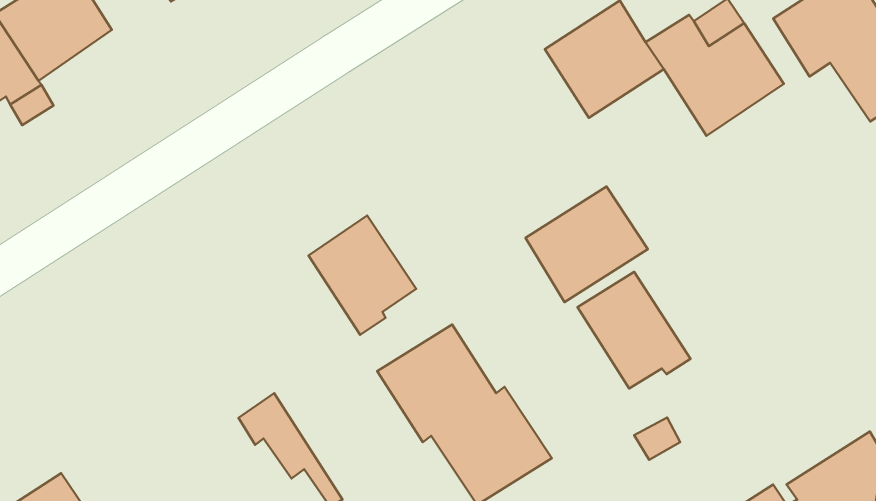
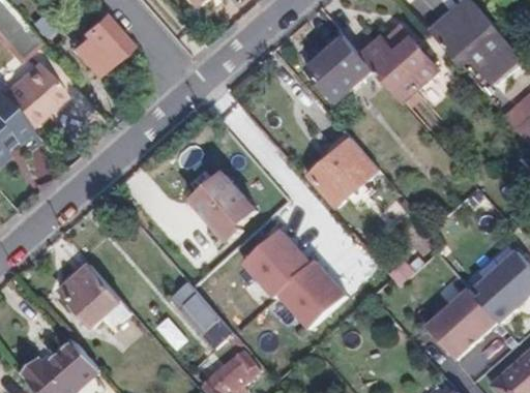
building: [577,272,691,389] -> none
building: none -> [58,264,119,327]

